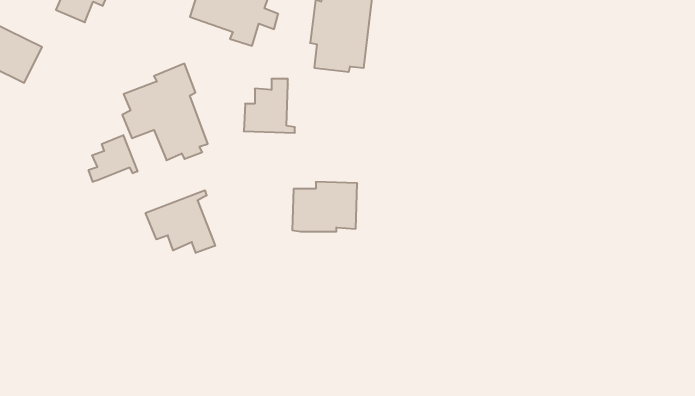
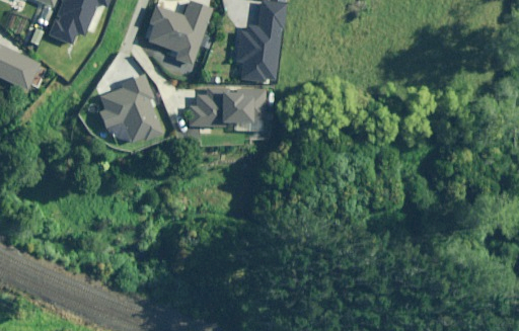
building: [89,135,137,182] -> none
building: [292,182,357,232] -> [218,85,266,121]
building: [146,190,215,253] -> none

